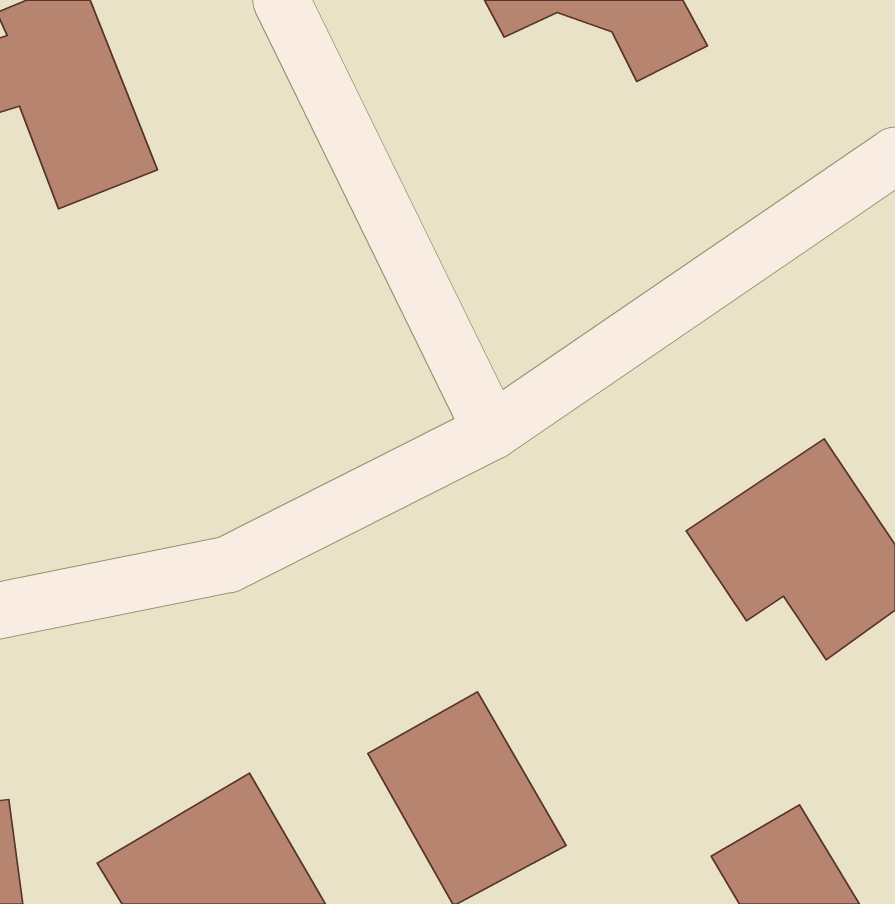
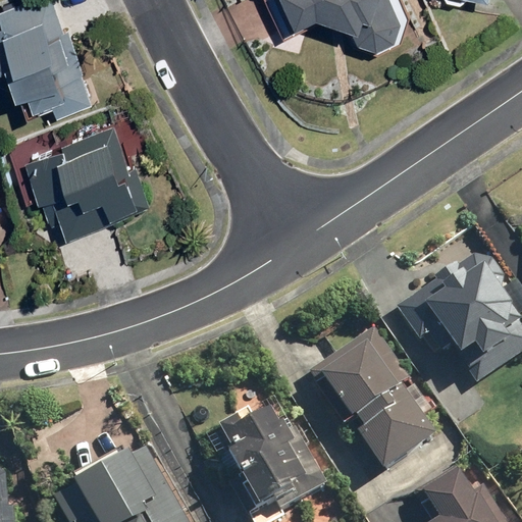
building: none -> [28,124,144,237]
building: none -> [310,329,440,474]

